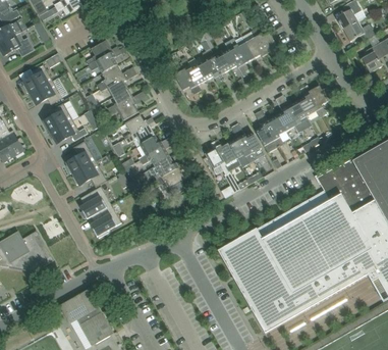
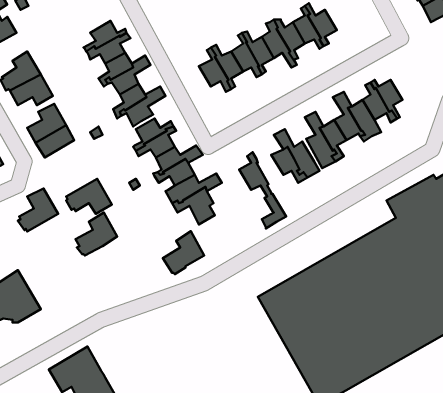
building: [214,139,241,170] -> none
building: [65,141,96,173] -> [18,188,58,231]
building: [90,204,121,237] -> [163,231,204,274]

